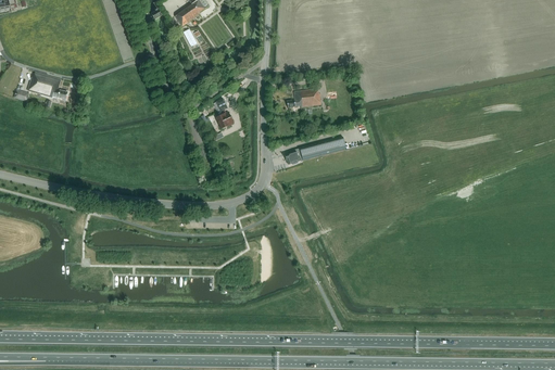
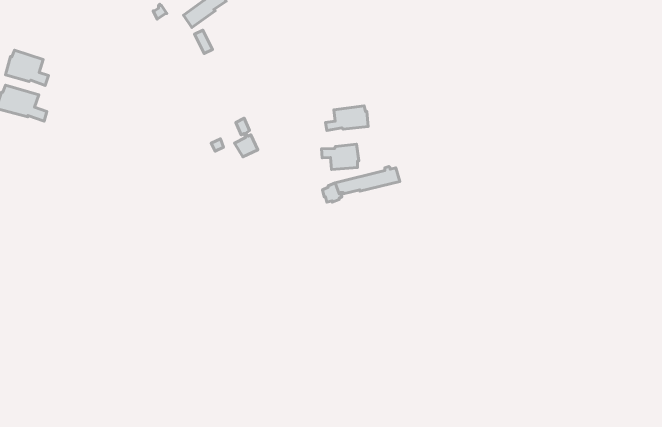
building: none -> [6,50,48,85]
building: none -> [321,144,359,170]

